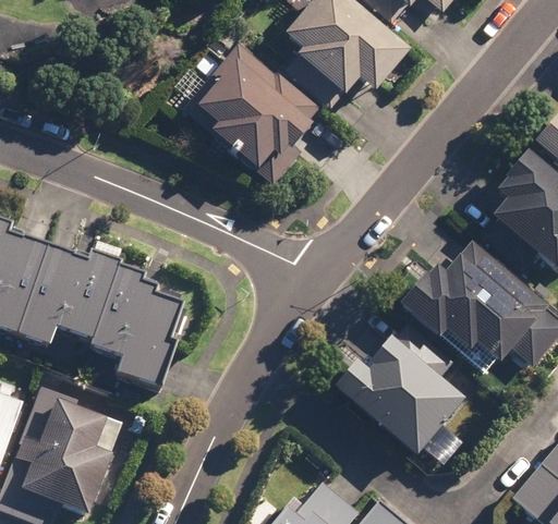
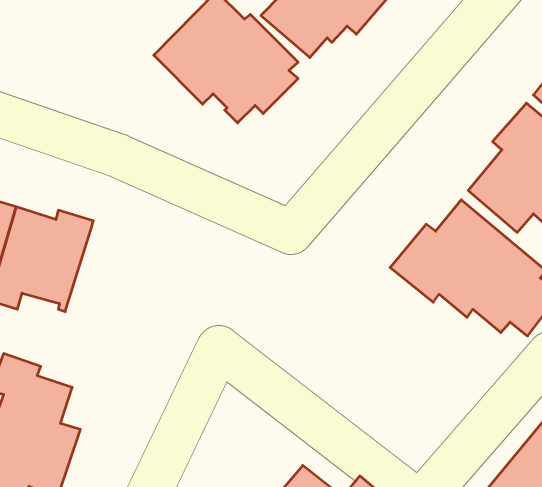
building: [100,265,201,385] -> none
building: [337,321,469,456] -> none

